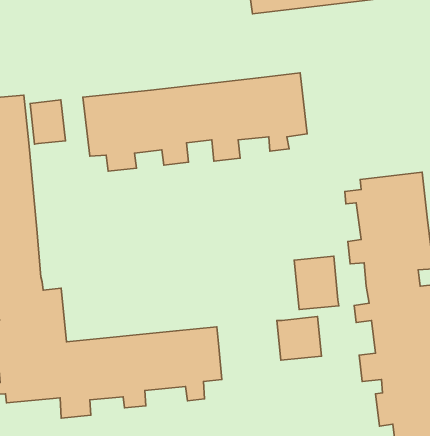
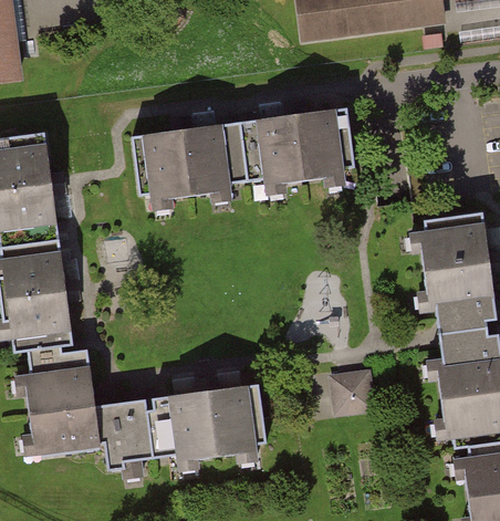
building: [30,100,65,144] -> none
building: [294,256,339,310] -> none

